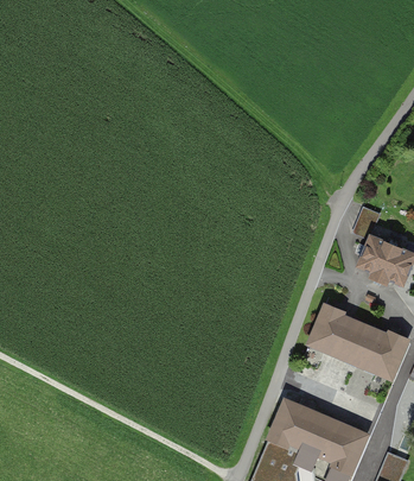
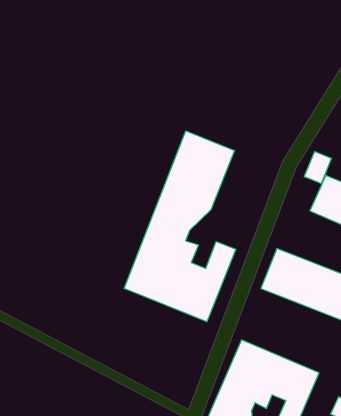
building: none -> [124,131,236,322]

